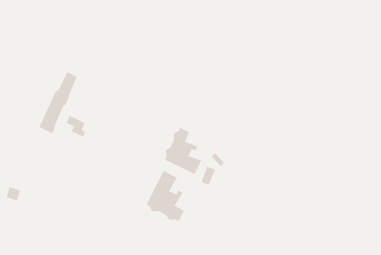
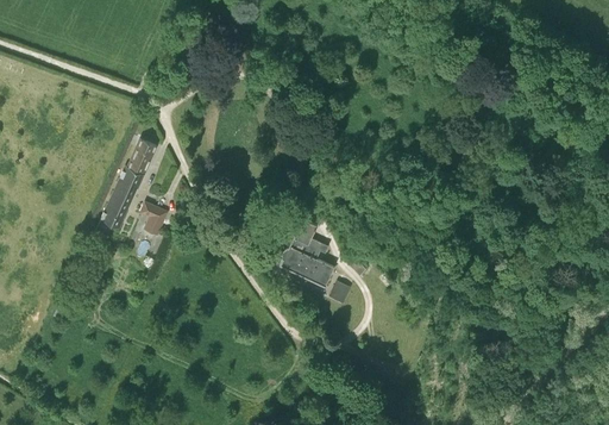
building: [146,170,185,222] -> none

